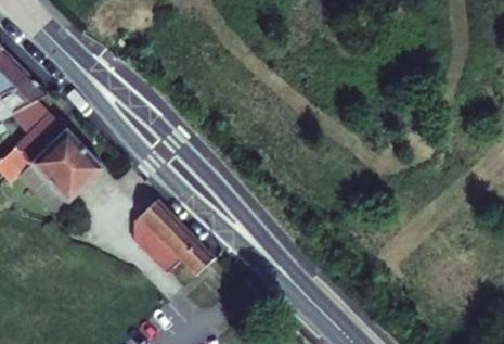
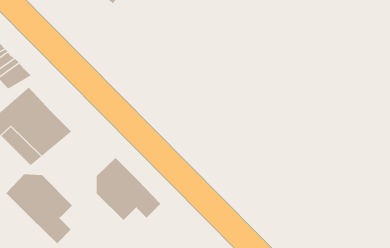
building: none -> [5,173,73,244]

